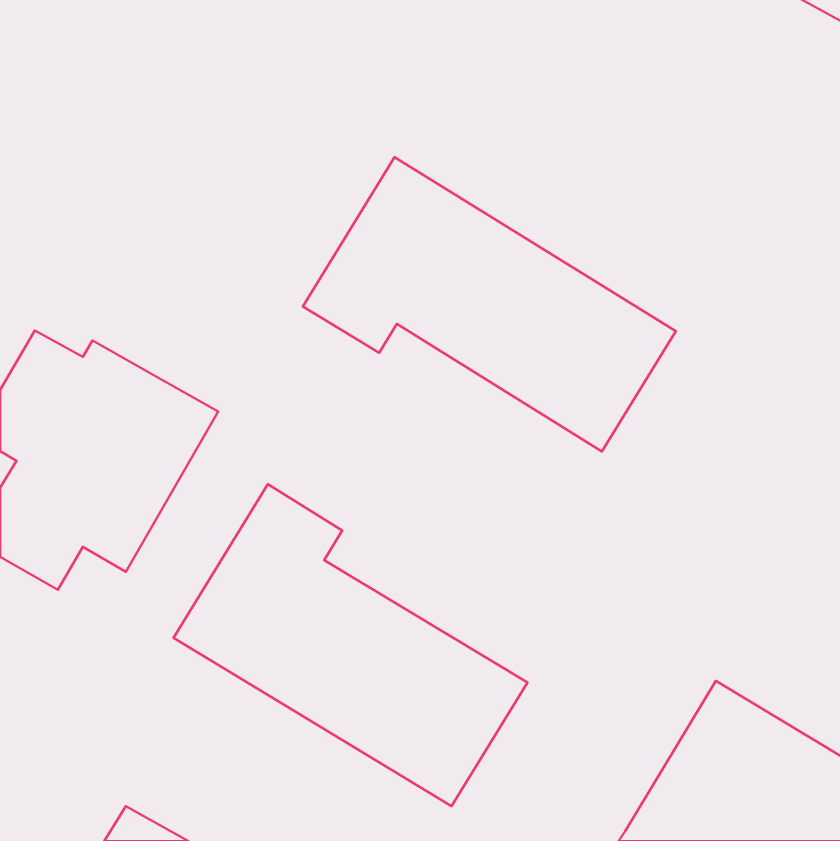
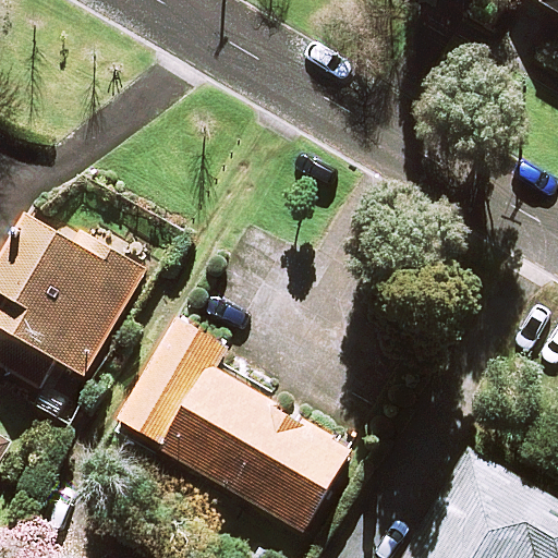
building: [303,157,676,452] -> none

